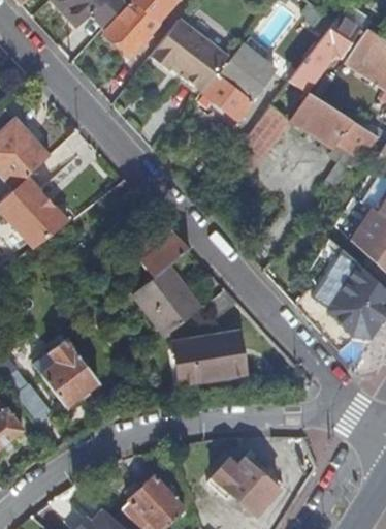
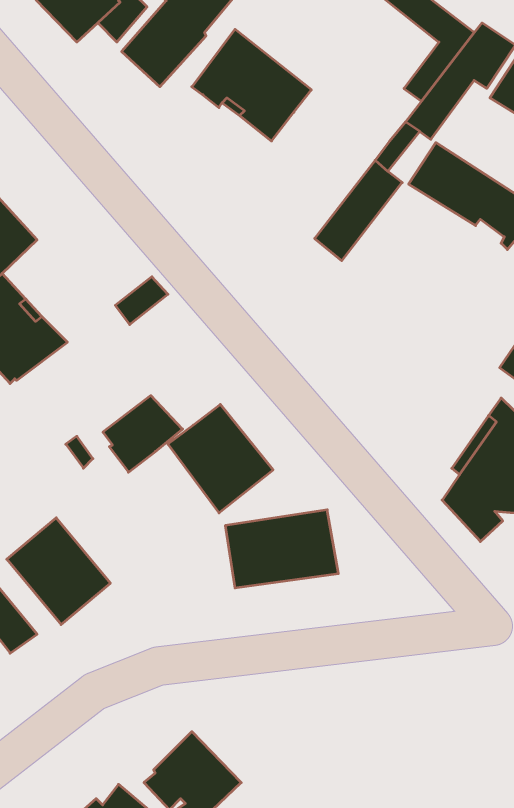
building: [203,37,277,121] -> none
building: [136,227,188,277] -> [103,396,183,472]
building: [206,455,282,517] -> none

